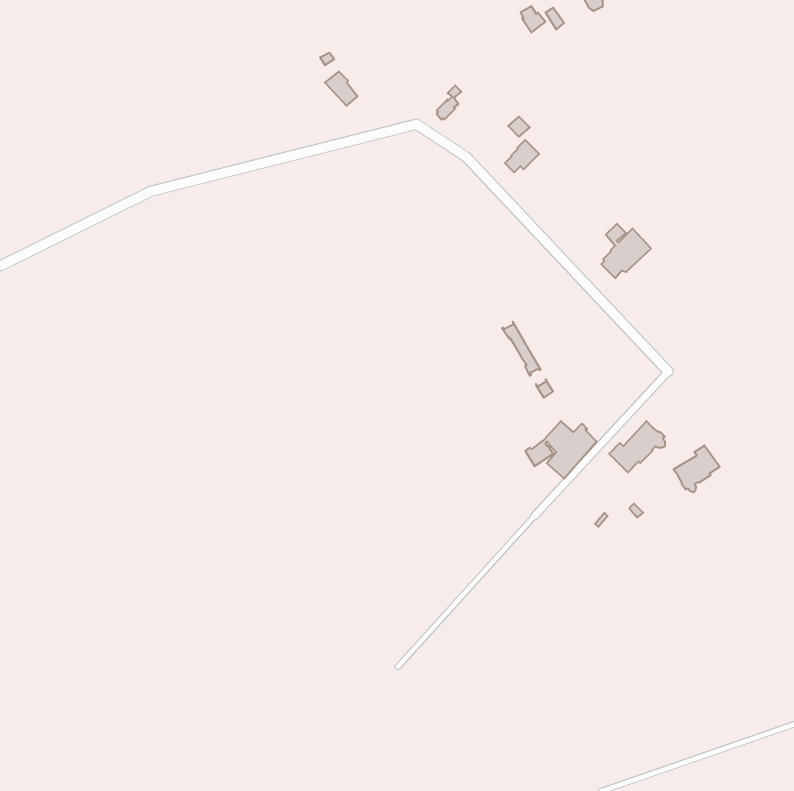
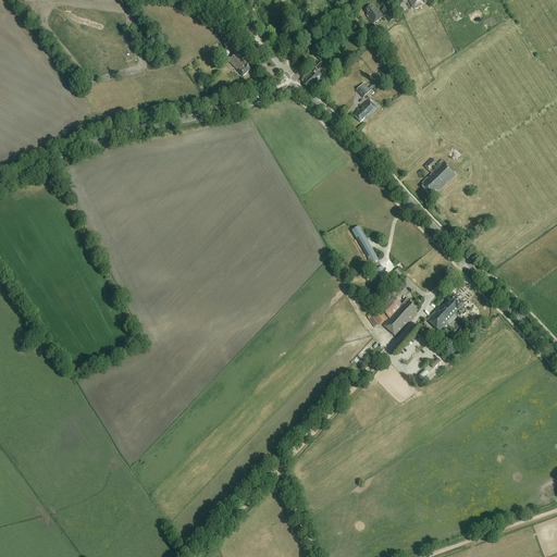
building: [673,445,720,492] -> none

